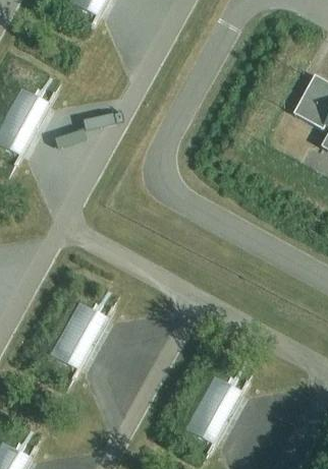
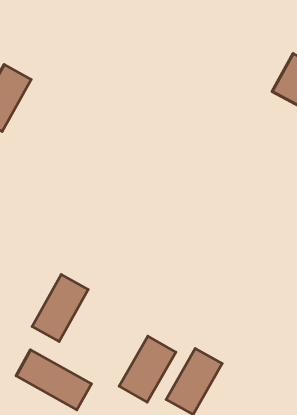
building: none -> [119,336,176,402]
building: none -> [16,350,92,410]

